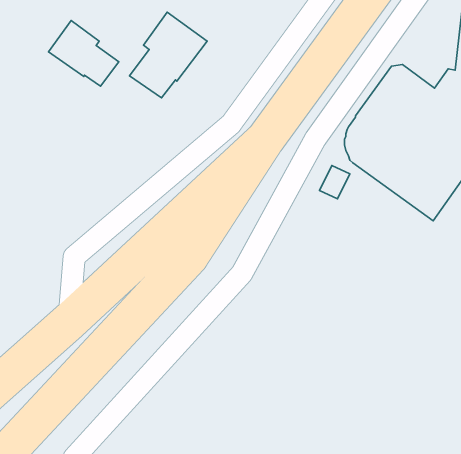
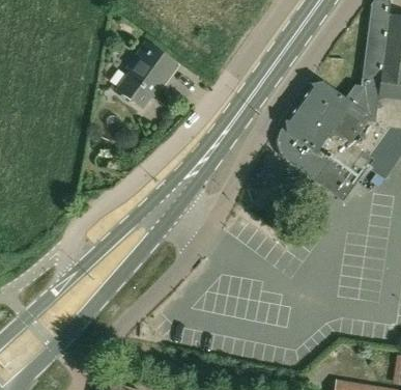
building: [48,20,119,86] -> none

